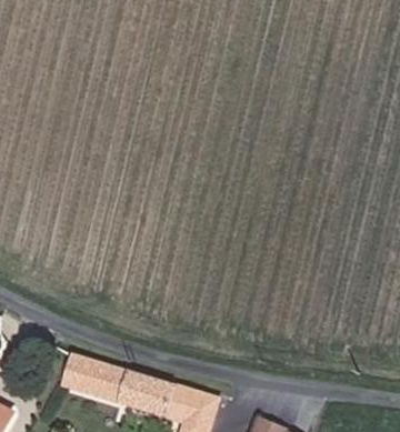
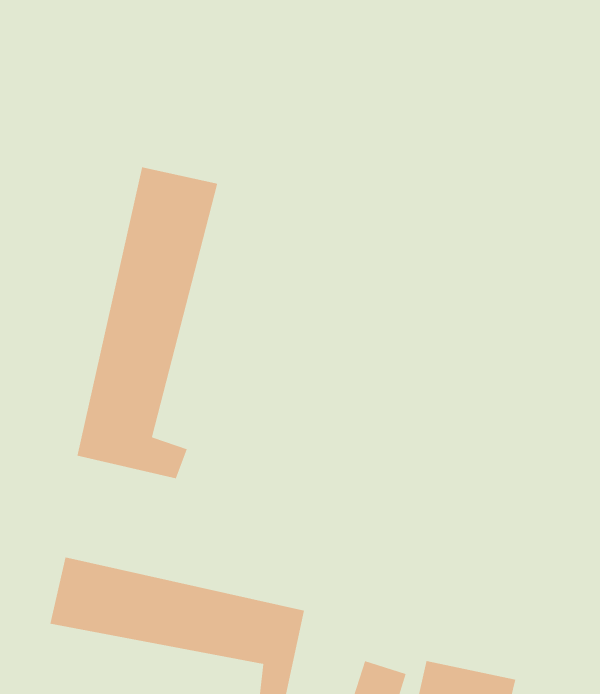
building: none -> [77,166,218,479]

